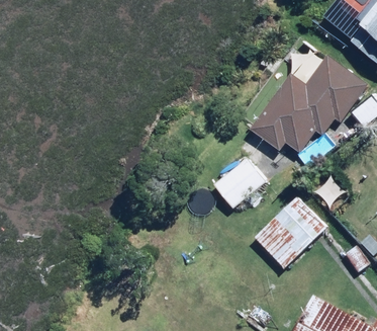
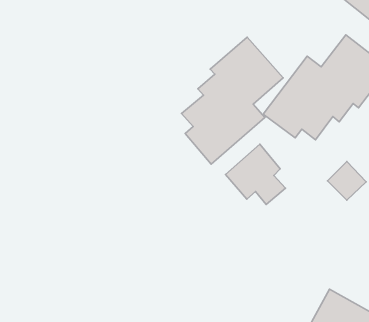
building: none -> [182,37,283,164]
building: [254,195,327,269] -> none

